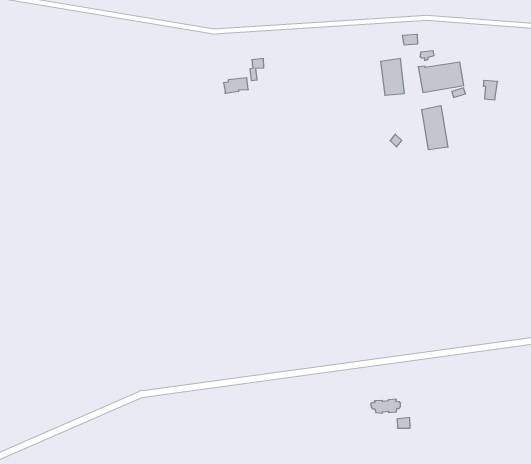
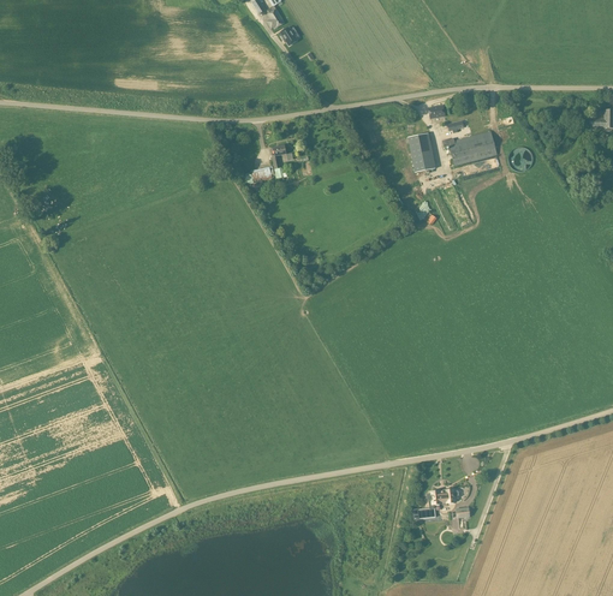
building: [422,106,448,150] -> none

